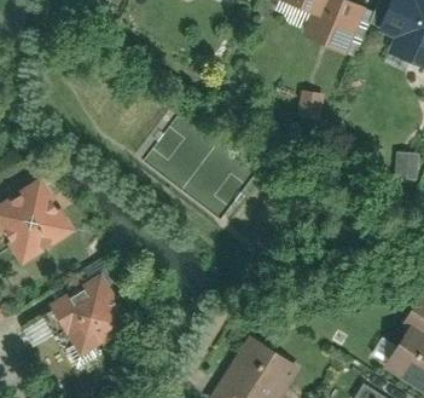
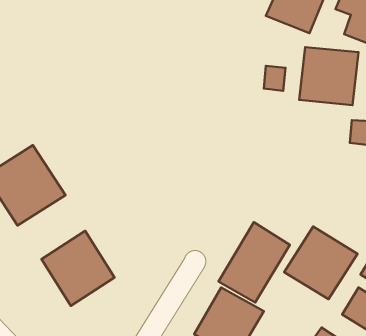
building: none -> [299,47,358,105]
building: none -> [218,222,290,303]
building: none -> [284,227,357,299]

